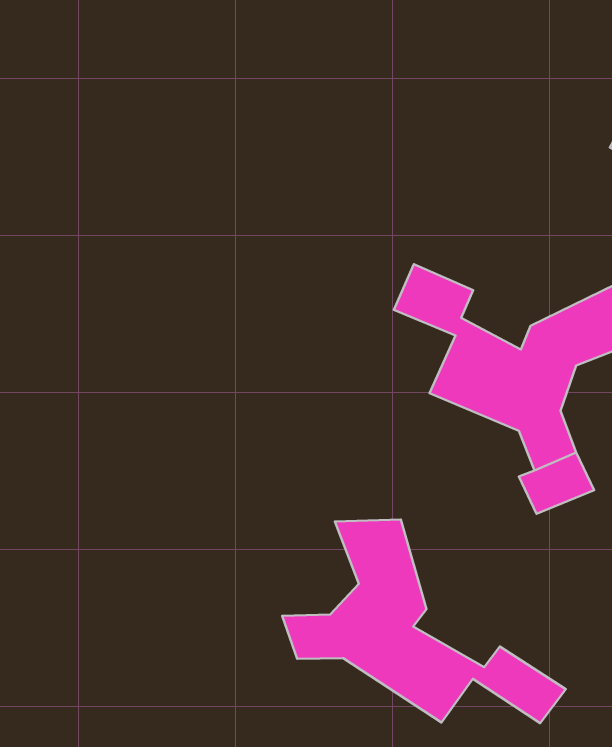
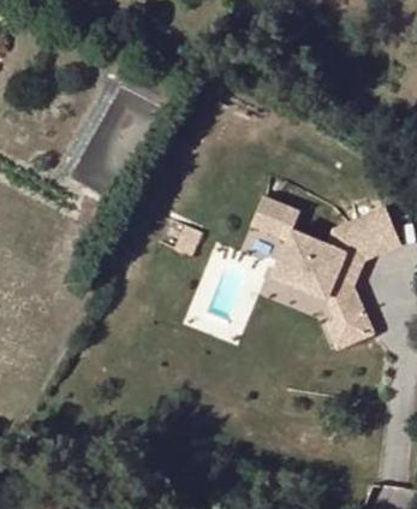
building: [282,519,566,723] -> none

